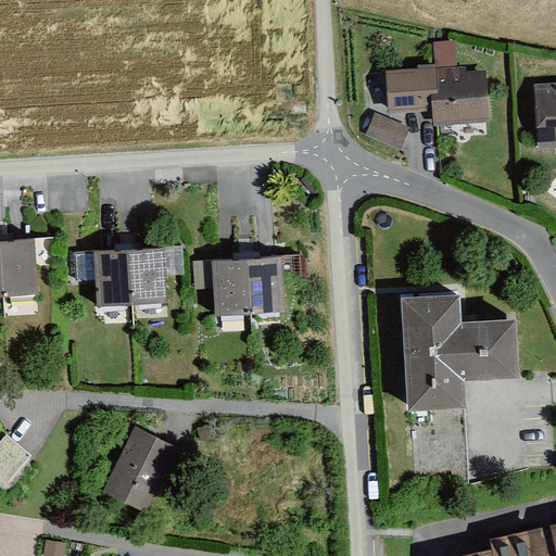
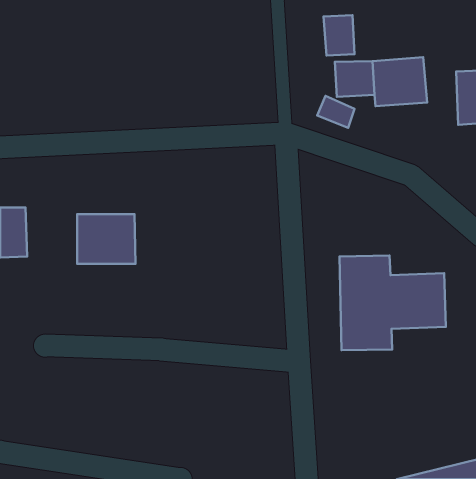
building: none -> [324,15,355,55]
building: [208,253,280,319] -> none
building: [104,424,186,519] -> none

